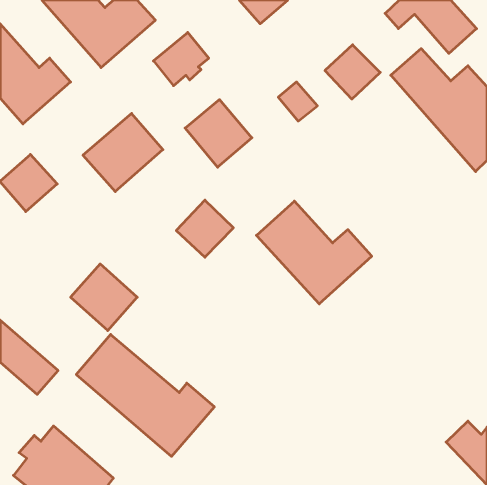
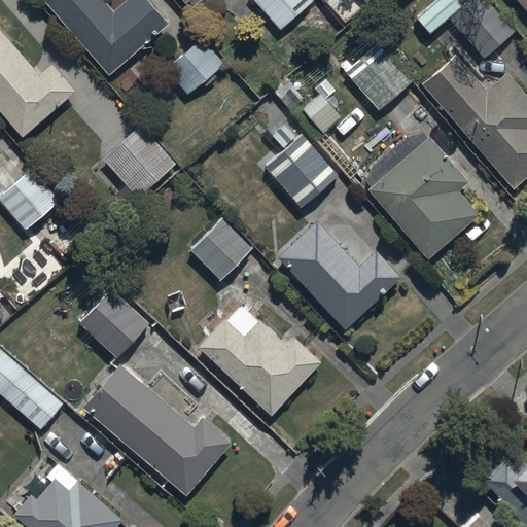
building: [185,100,252,167] -> [267,135,339,208]
building: none -> [368,136,480,258]
building: none -> [198,306,321,415]

